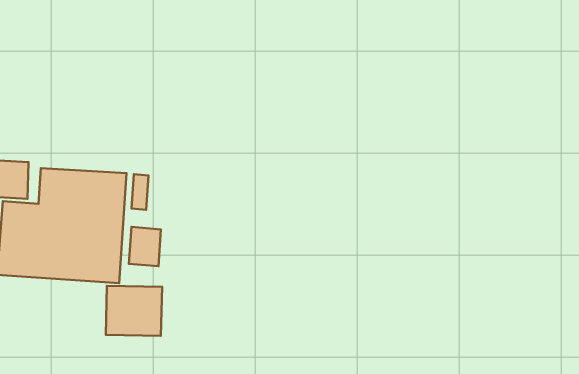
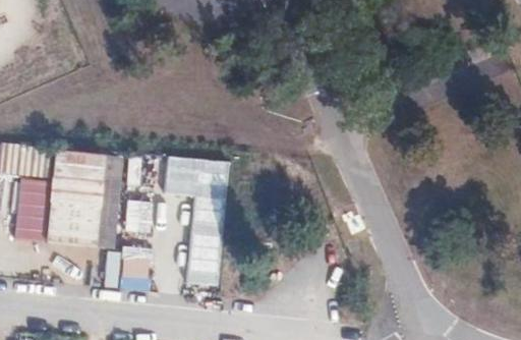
building: none -> [165,157,228,286]

